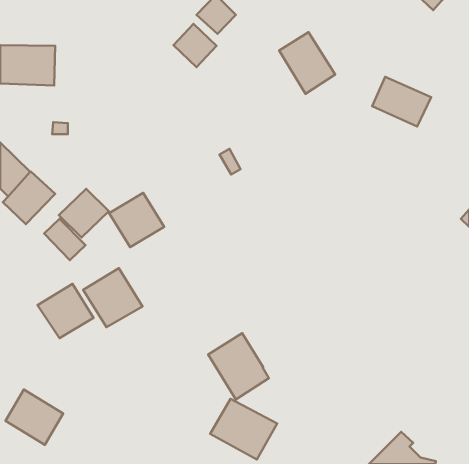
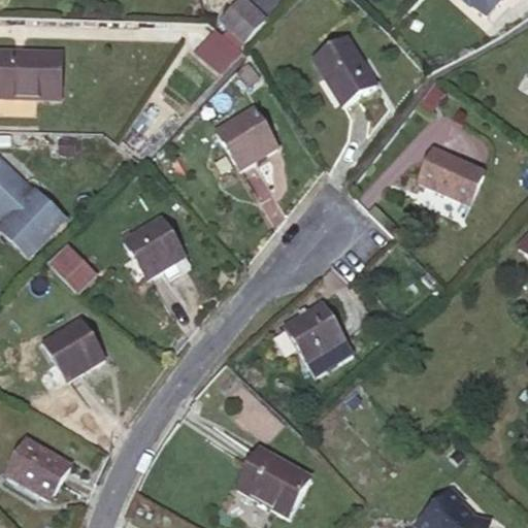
building: [372,77,431,127] -> [419,147,485,203]
building: none -> [216,107,277,168]
building: [59,189,109,238] -> none
building: [83,268,142,327] -> none
building: [208,333,269,399] -> [285,302,353,376]

